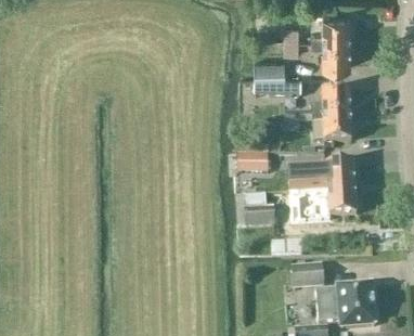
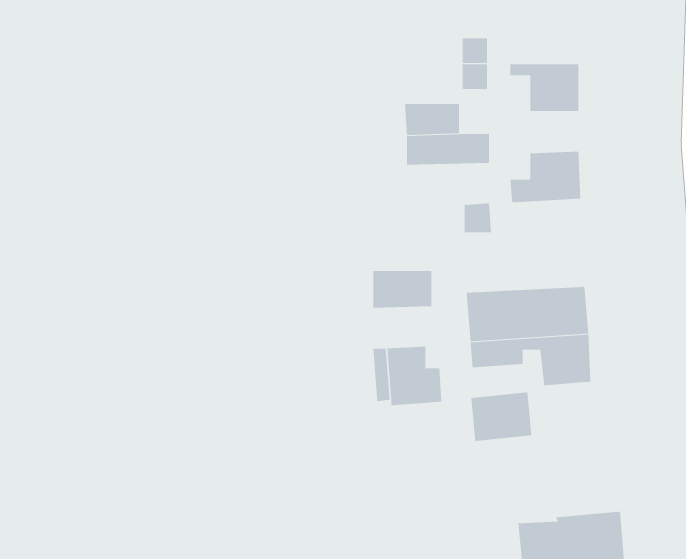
building: [313,20,351,46] -> none
building: [314,119,353,146] -> none
building: [294,269,327,296] -> [470,392,532,442]

